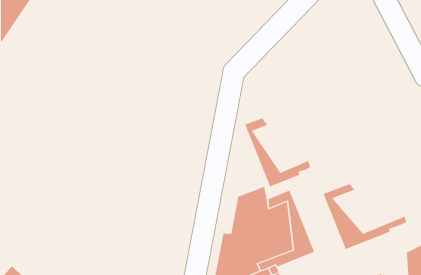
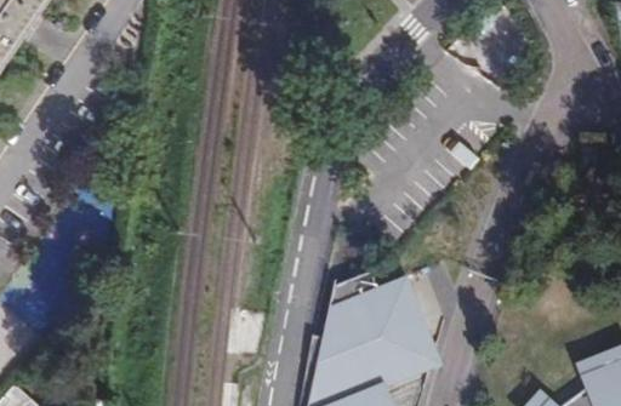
building: [245,117,311,187] -> none
building: [323,183,407,250] -> none

